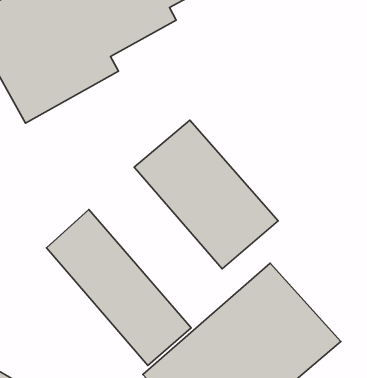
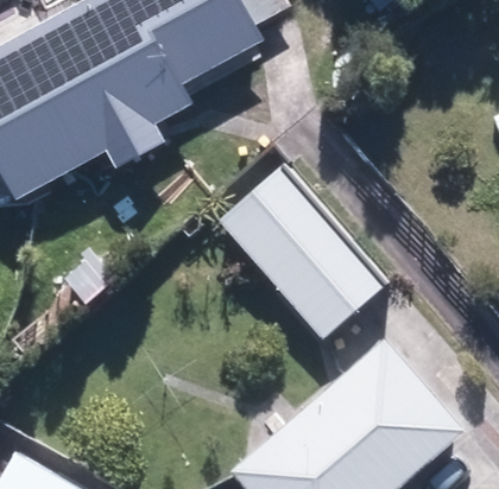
building: [47,210,191,366] -> none

